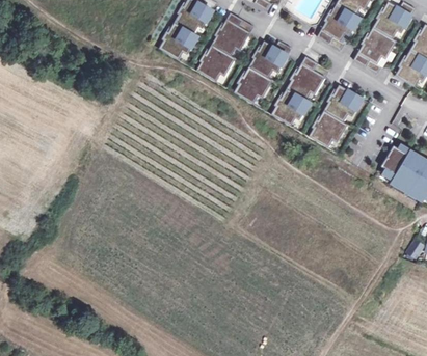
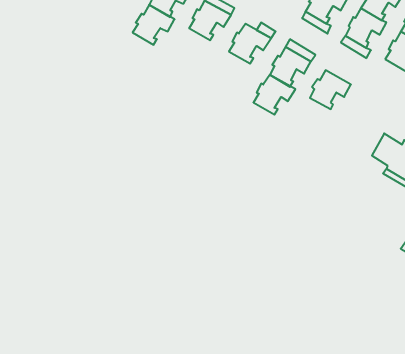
building: [197,47,236,84] -> none
building: [235,69,273,106] -> none
building: [310,112,349,148] -> none

